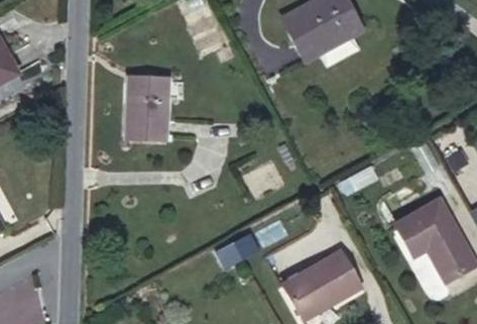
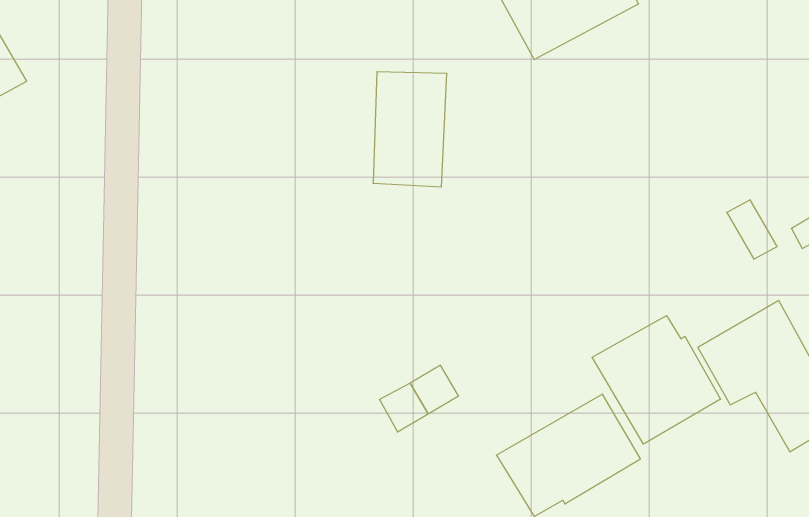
building: [126,77,167,141] -> [373,72,447,187]
building: none -> [592,316,721,444]

